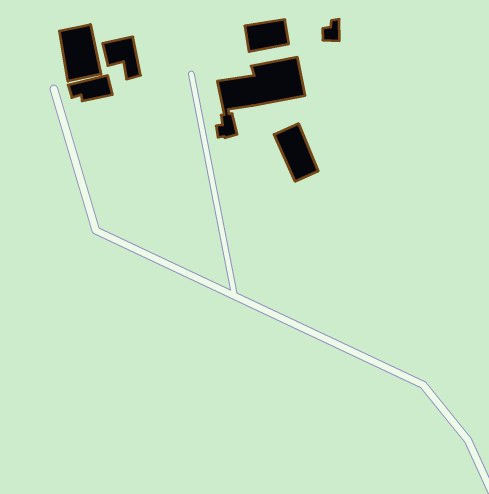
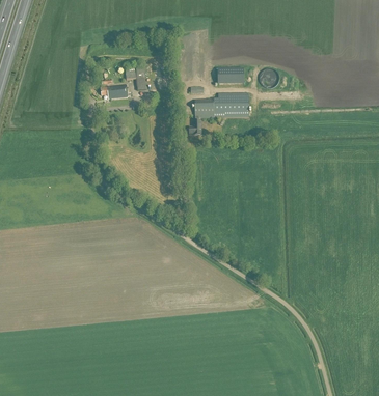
building: [59,24,101,81] -> none
building: [274,124,318,181] -> none

